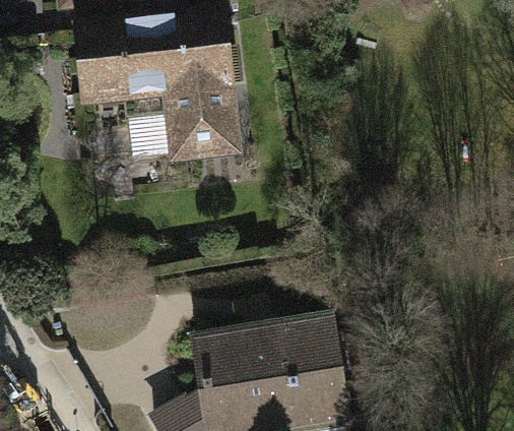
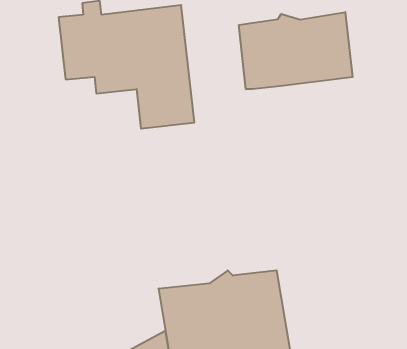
building: none -> [239,12,353,89]

